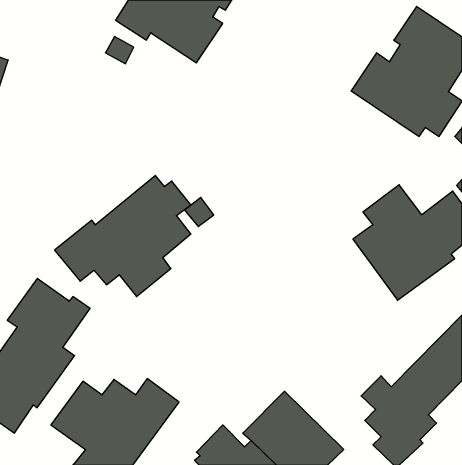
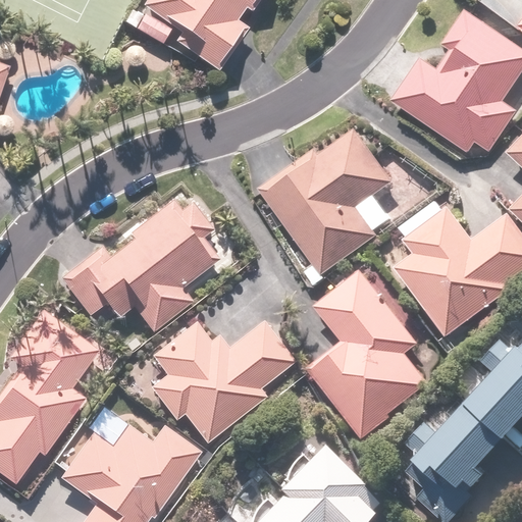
building: none -> [261,116,394,291]
building: none -> [310,270,426,442]
building: none -> [135,321,295,445]

